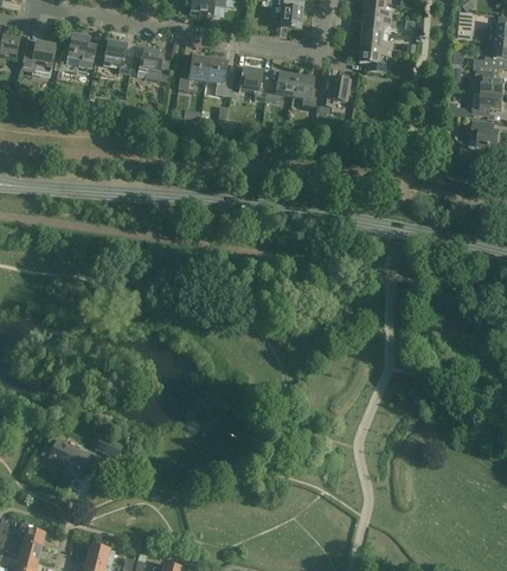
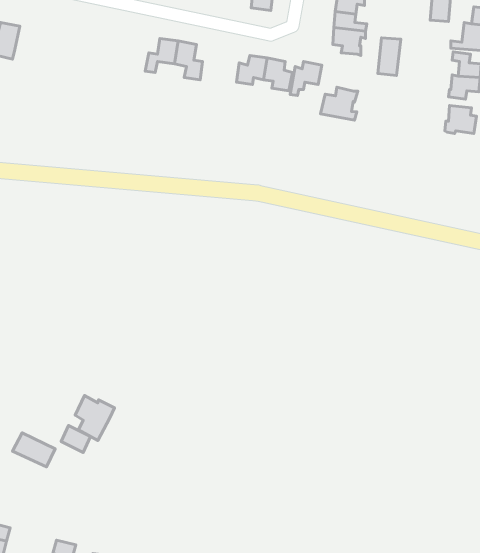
building: [66,33,96,68] -> none
building: [103,39,134,75] -> none
building: [136,49,171,81] -> none
building: none -> [378,38,401,76]
building: [239,66,269,101] -> none
building: none -> [321,87,358,120]
building: none -> [75,395,114,441]

